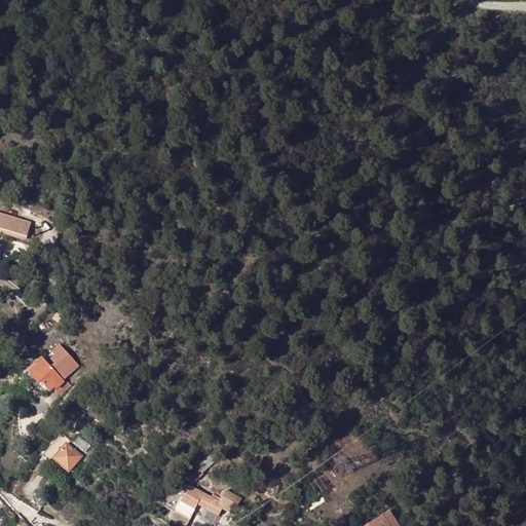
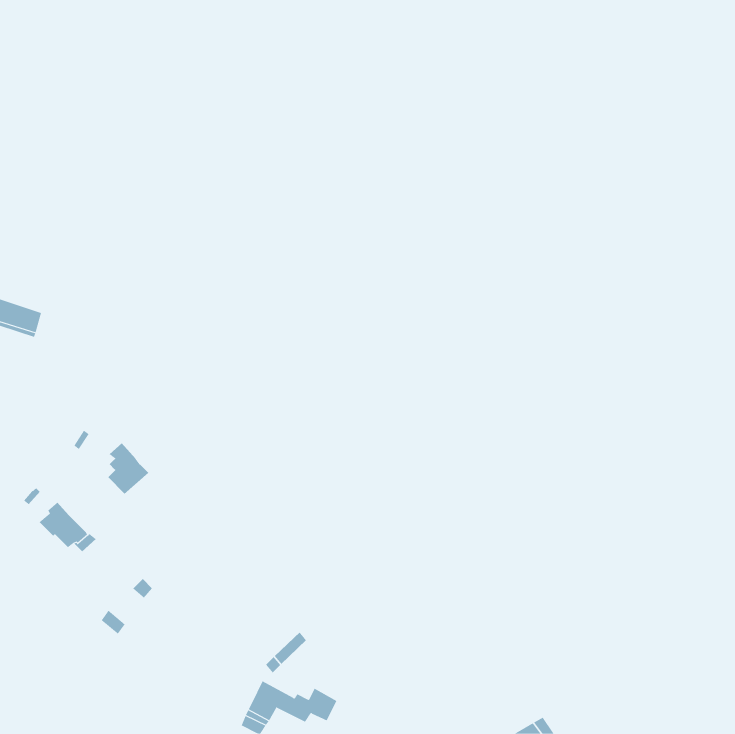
building: [49,342,79,379] -> [107,443,149,495]
building: [41,443,80,471] -> none

